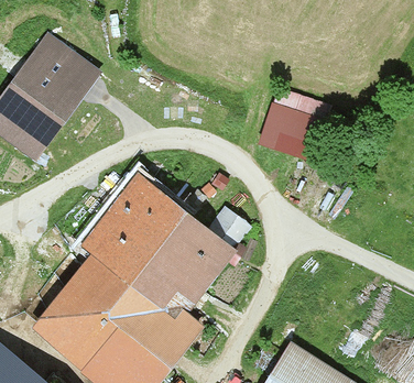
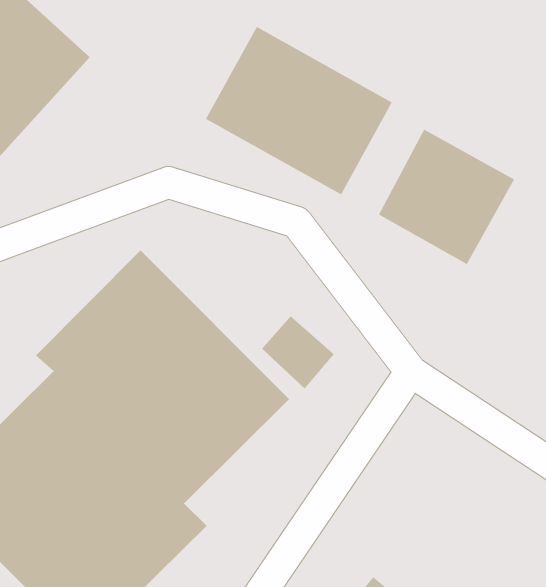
building: none -> [205,26,393,195]

